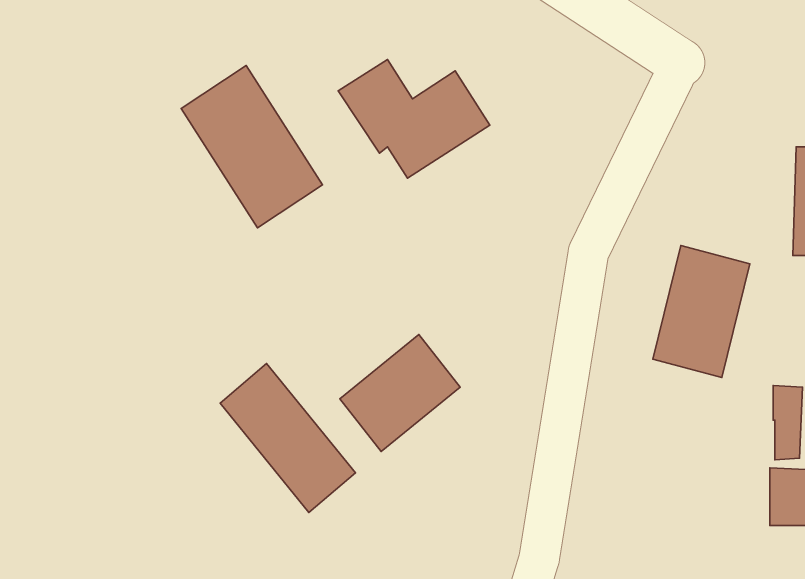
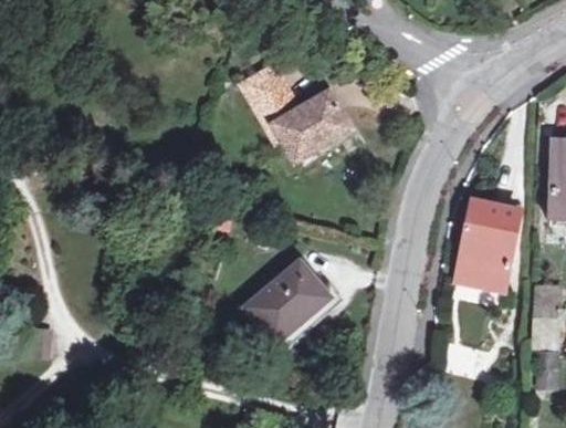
building: [181,65,323,228] -> none
building: [220,364,356,512] -> none

